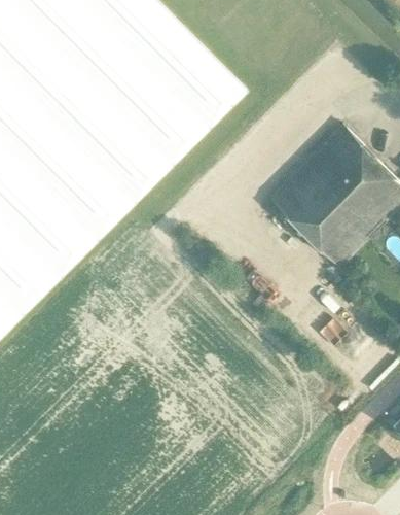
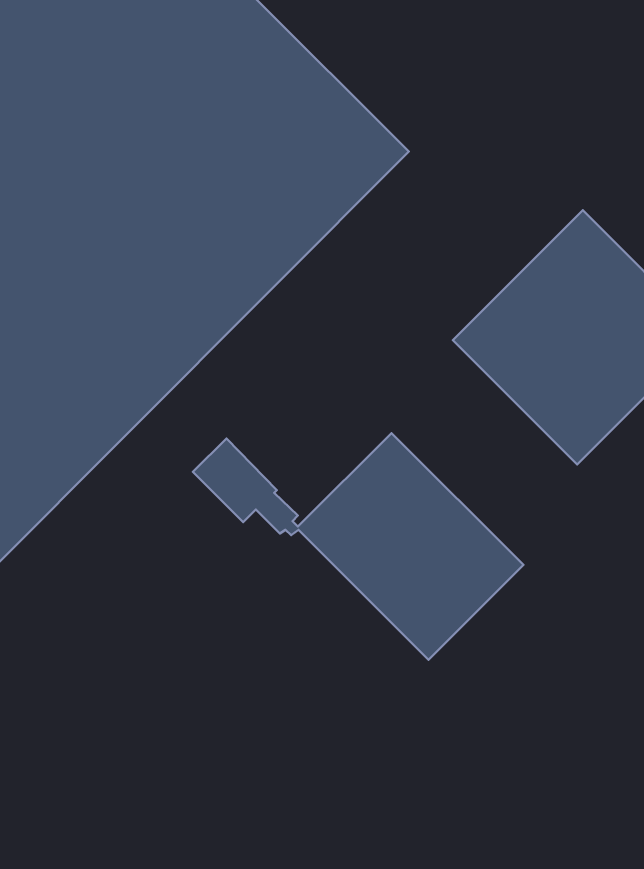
building: none -> [193,433,523,660]

